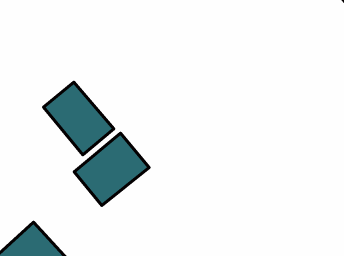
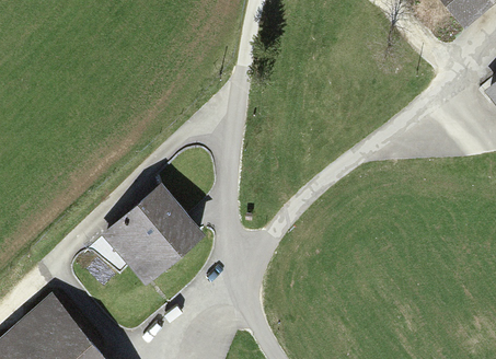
building: [44,82,114,155] -> none

